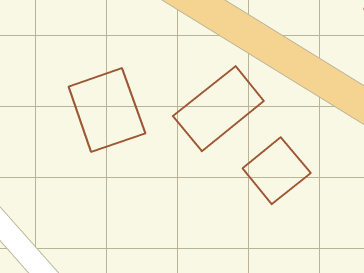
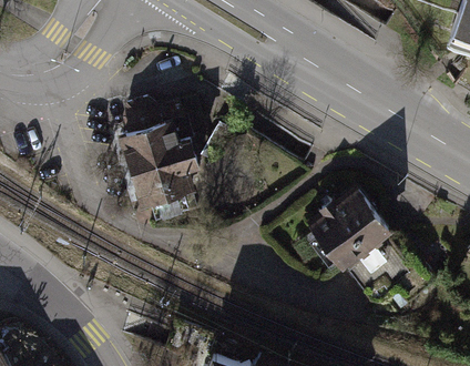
building: [173,66,264,151] -> none

